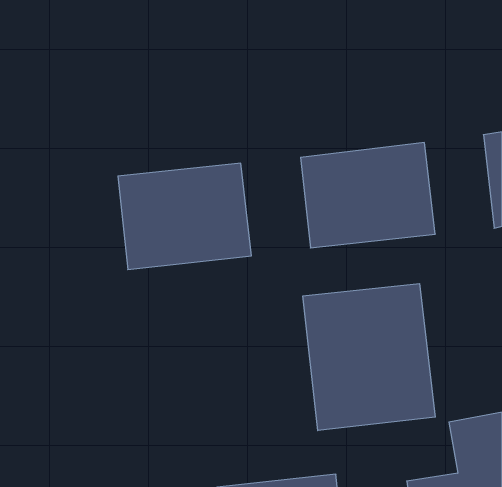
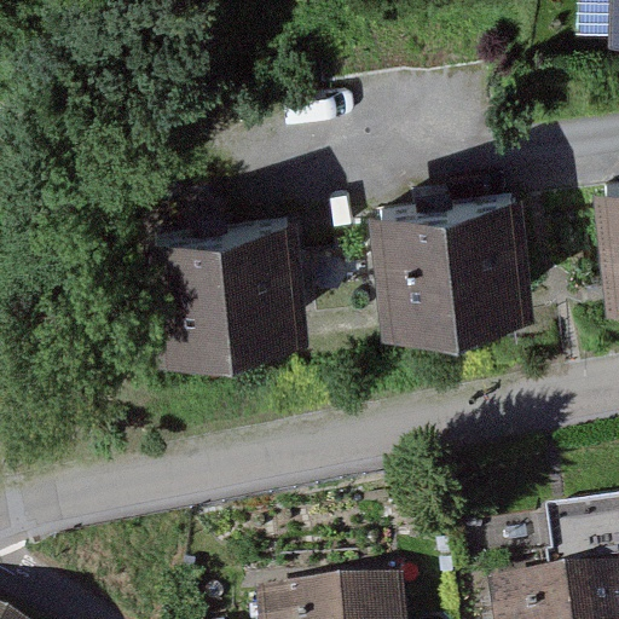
building: [303,284,435,431] -> none

